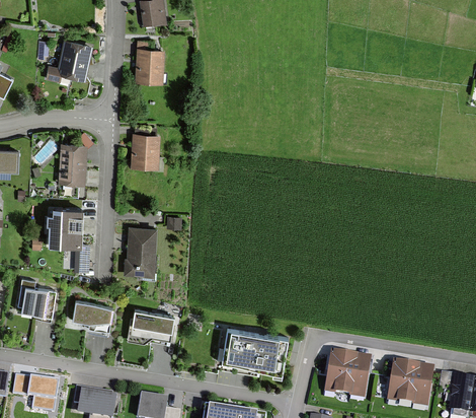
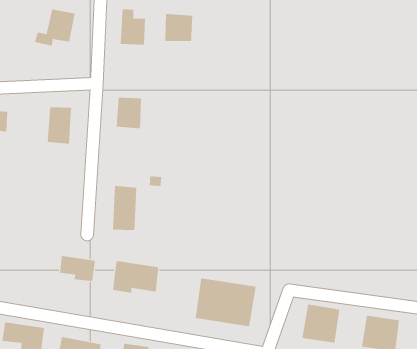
building: none -> [165,13,193,42]
building: [50,209,82,245] -> none
building: [16,280,58,316] -> none

